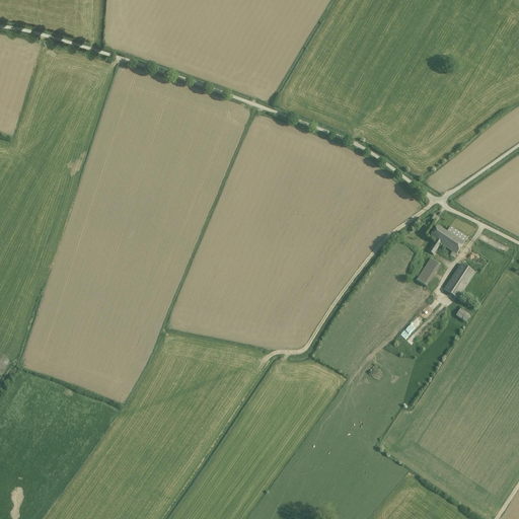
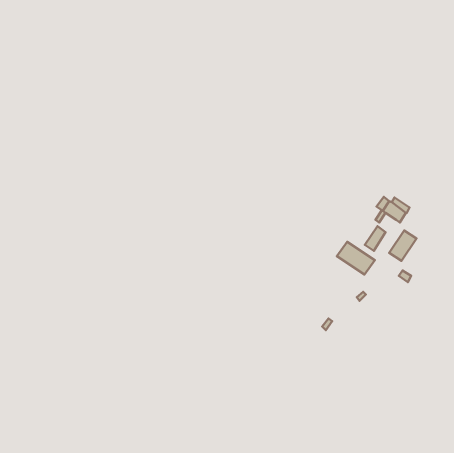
building: none -> [337,242,375,274]

